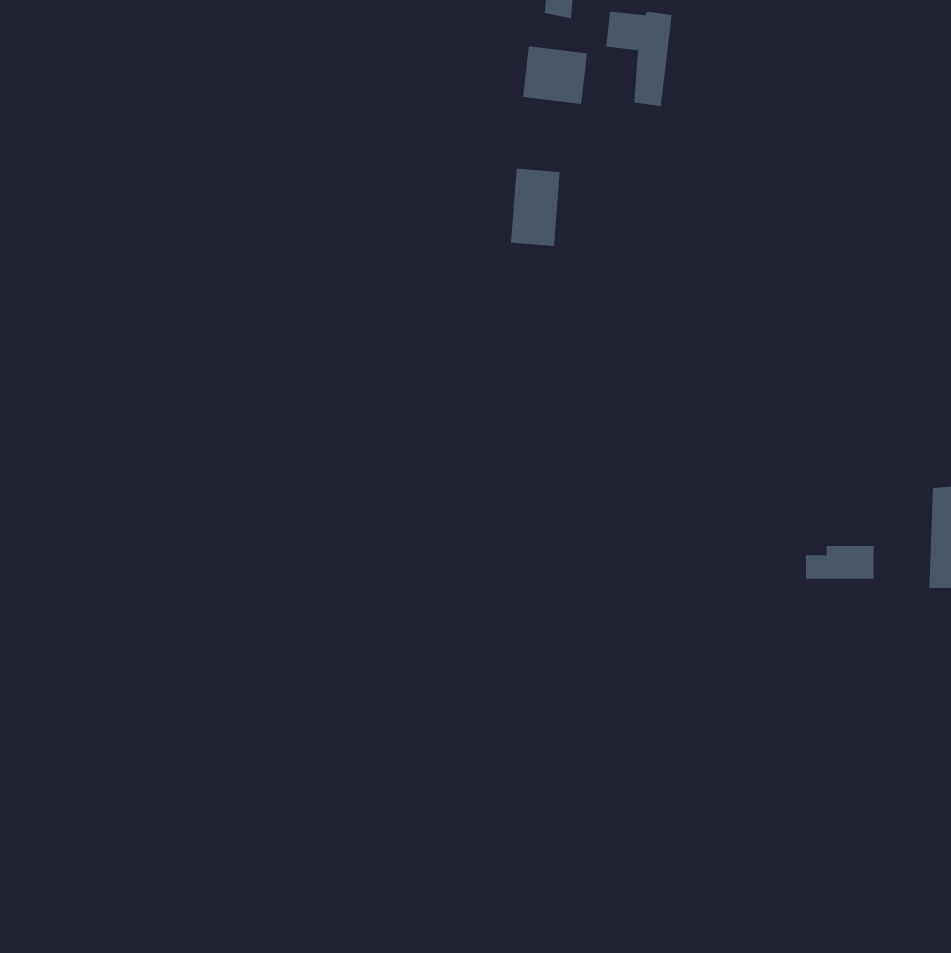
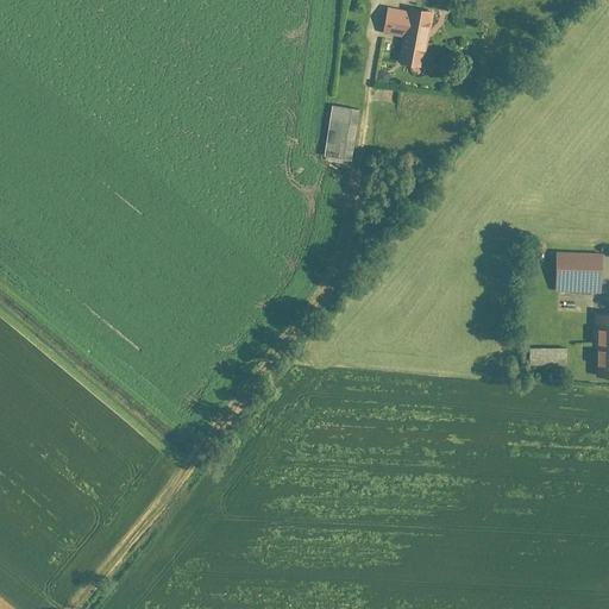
building: [523,46,587,105] -> none
building: none -> [555,250,598,297]

